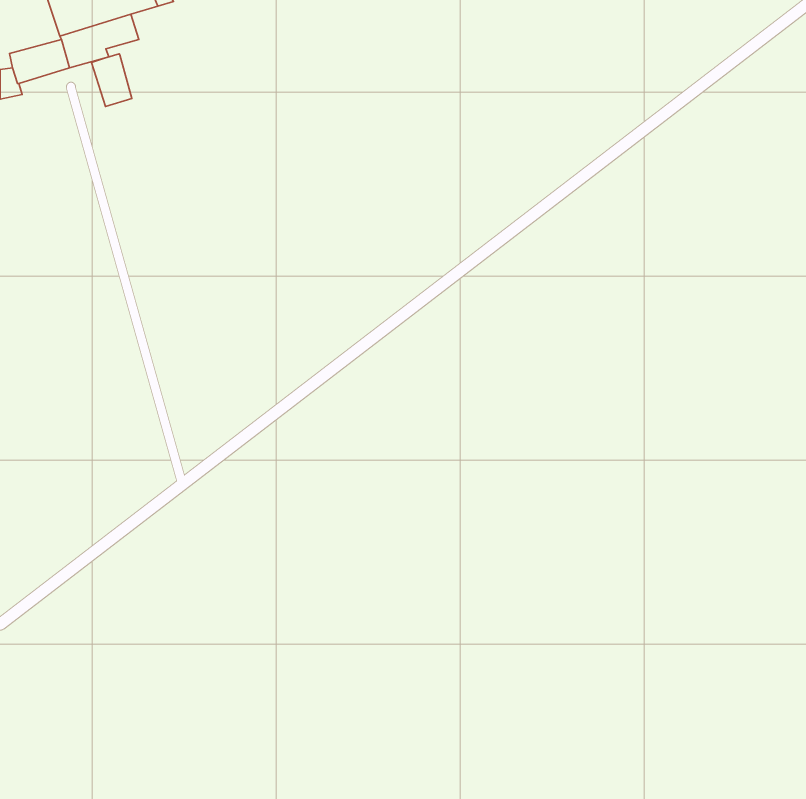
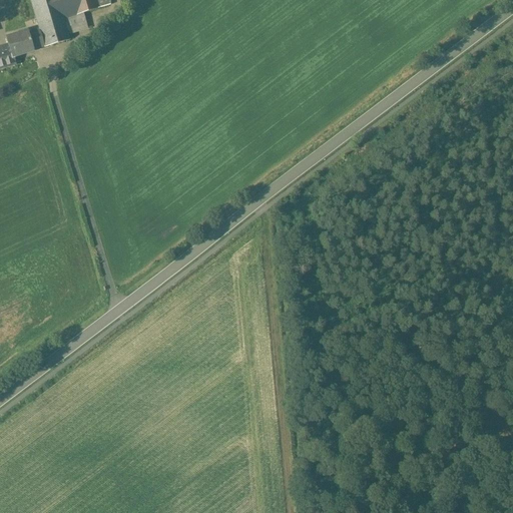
building: [92,54,132,107] -> none

